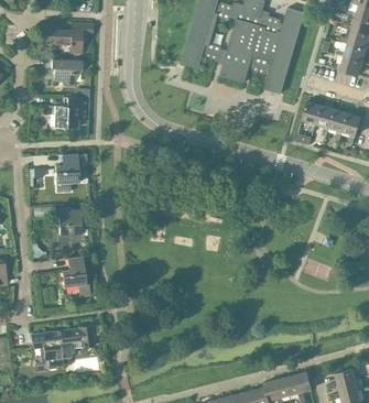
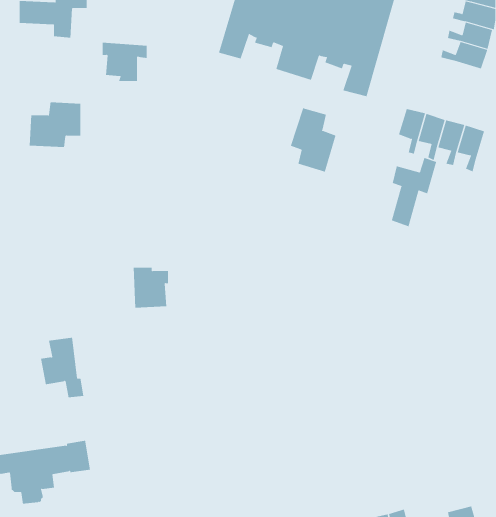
building: [51,59,82,86] -> [102,42,148,82]
building: none -> [290,107,336,172]
building: none -> [391,157,437,227]
building: [55,154,78,184] -> none
building: [58,208,83,236] -> [133,267,169,308]

